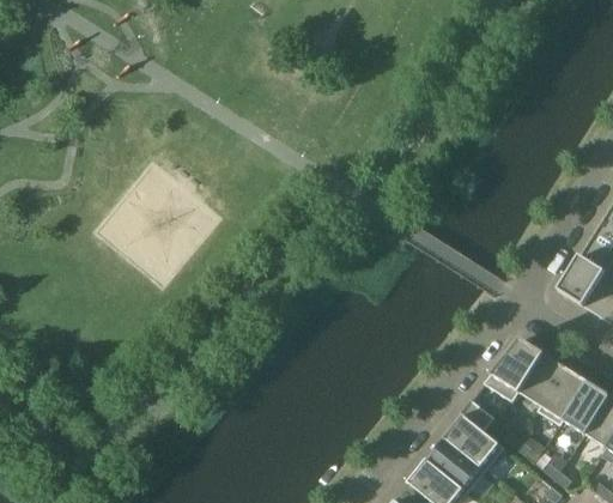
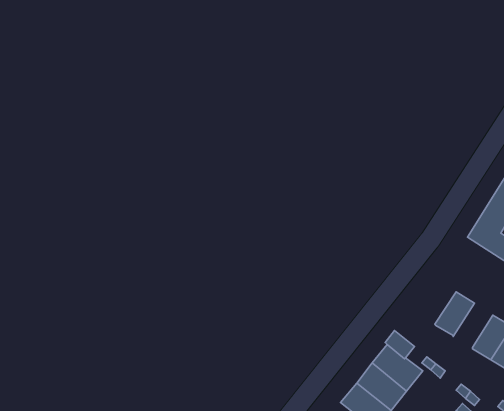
building: [484,339,544,402] -> none
building: [536,366,587,425] -> none

